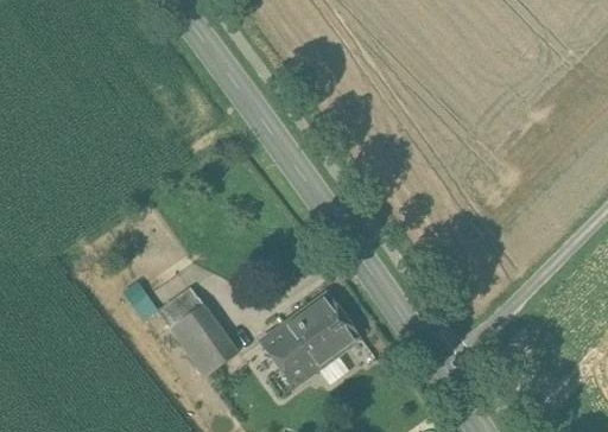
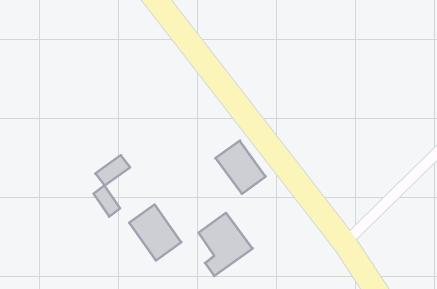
building: [158,287,203,326] -> [95,155,130,185]
building: [296,291,361,360] -> [215,141,266,194]

